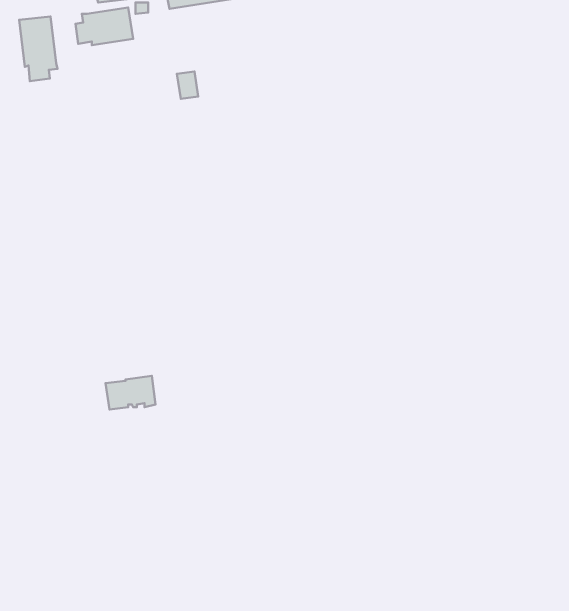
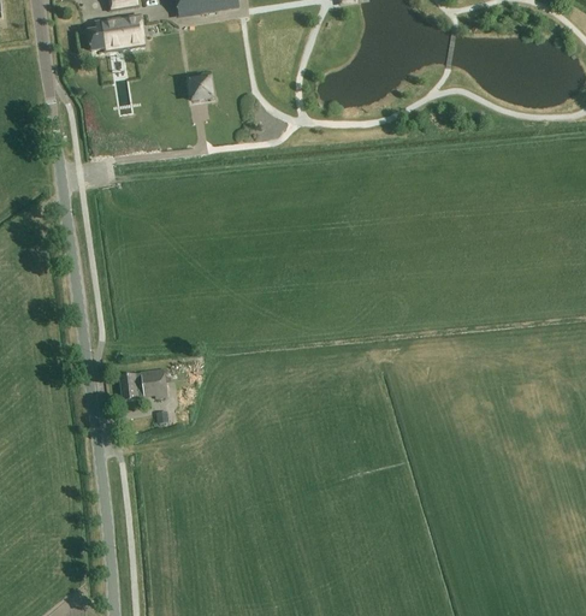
building: [19,17,58,81] -> none

